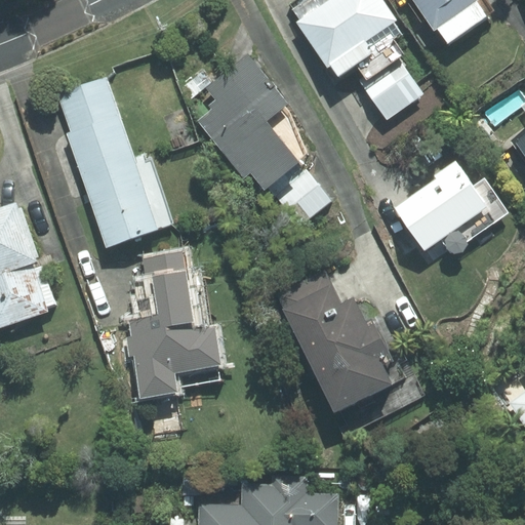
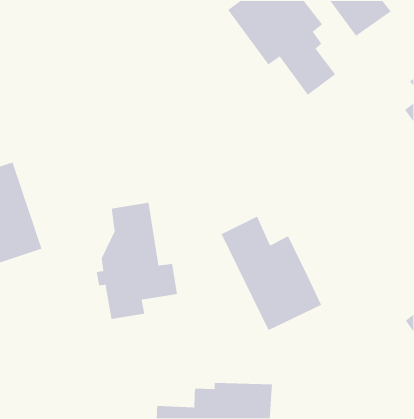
building: [196,54,334,229] -> none
building: [55,80,172,244] -> none
building: [393,163,500,251] -> none

